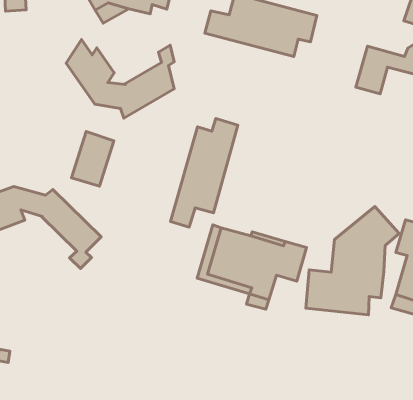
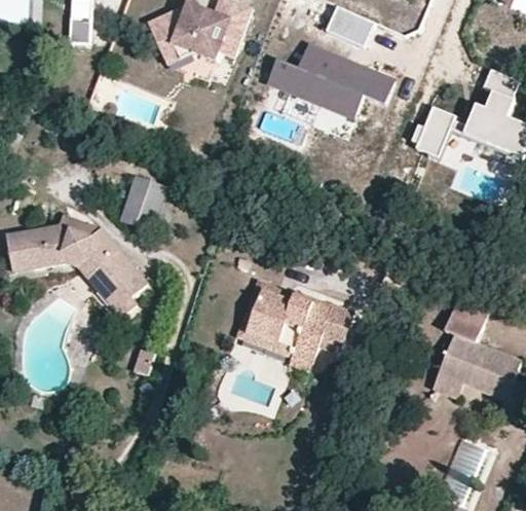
building: [66,40,174,118] -> none
building: [170,118,238,227] -> none
building: [306,207,399,315] -> none

